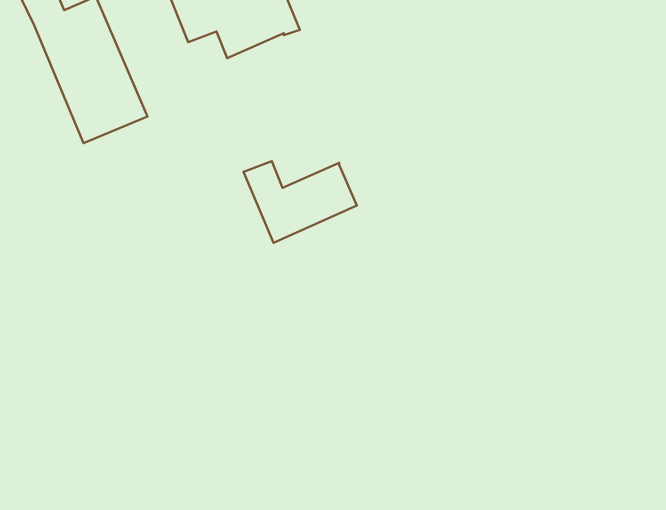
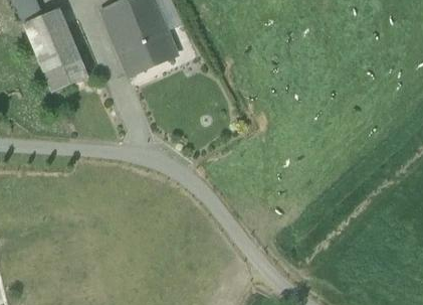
building: [243,161,357,243] -> [112,28,176,74]

